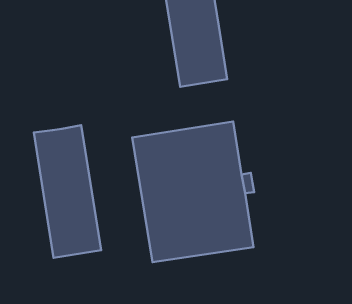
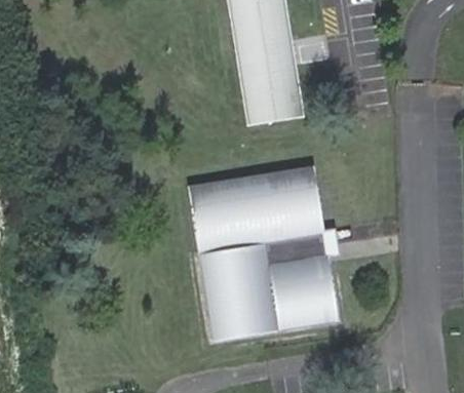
building: [34,125,101,258] -> none

